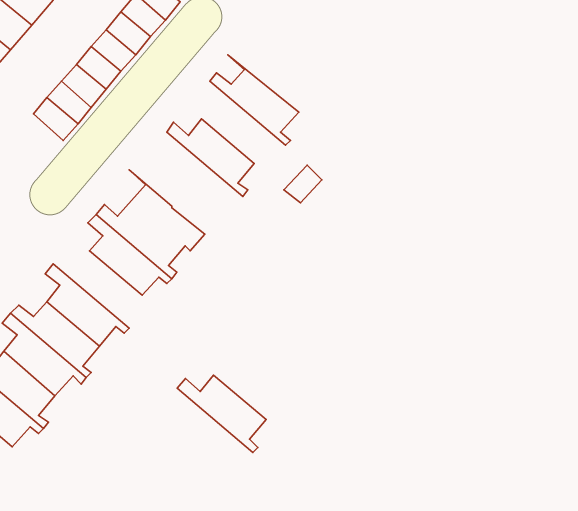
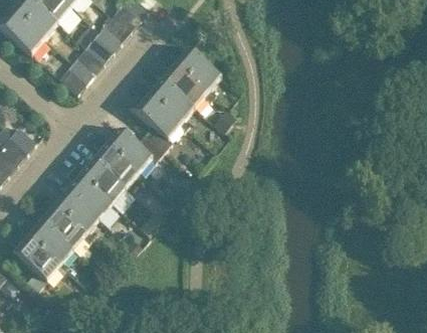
building: none -> [161,57,212,108]
building: none -> [124,89,186,151]
building: [177,375,266,452] -> [70,161,125,208]

